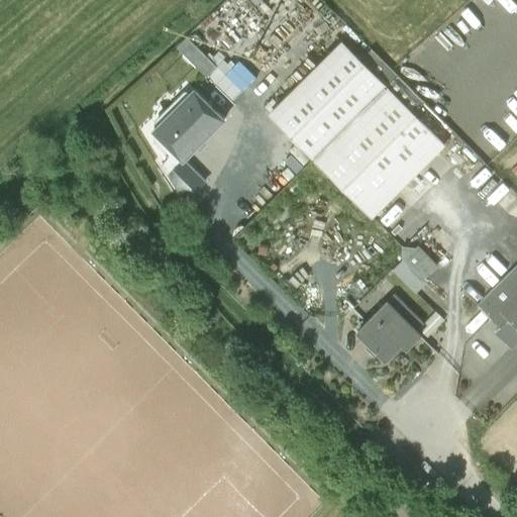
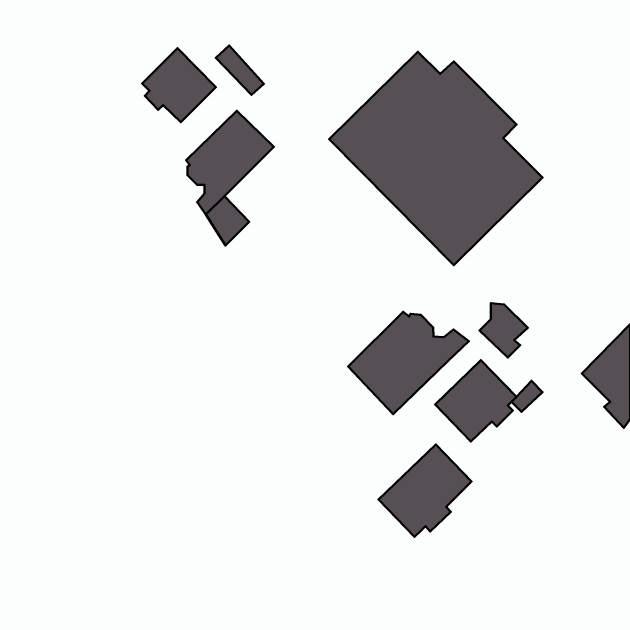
building: none -> [142,48,216,122]
building: none -> [348,312,469,414]
building: none -> [378,445,472,537]

